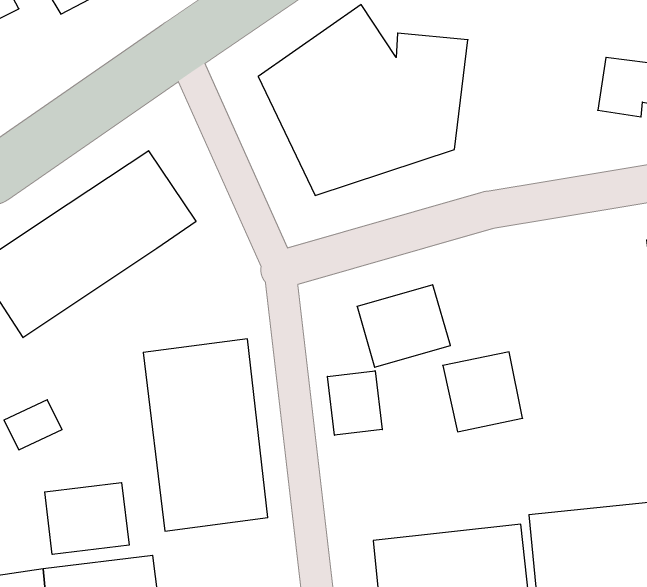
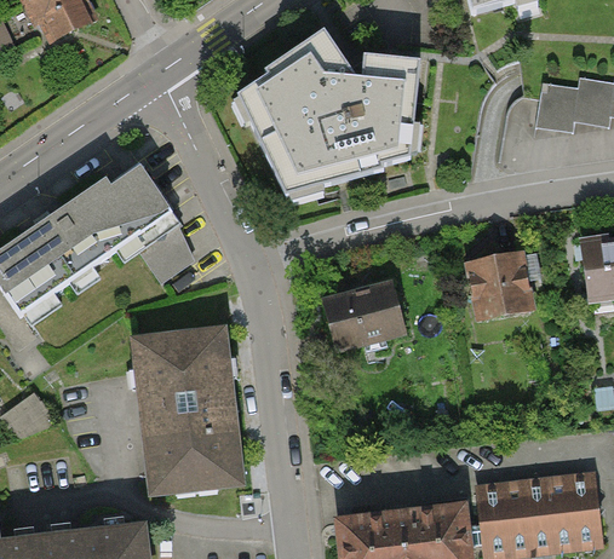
building: none -> [143,223,195,278]
building: [443,352,523,432] -> [465,252,536,323]
building: [327,371,382,435] -> none
building: [45,483,129,554] -> none

